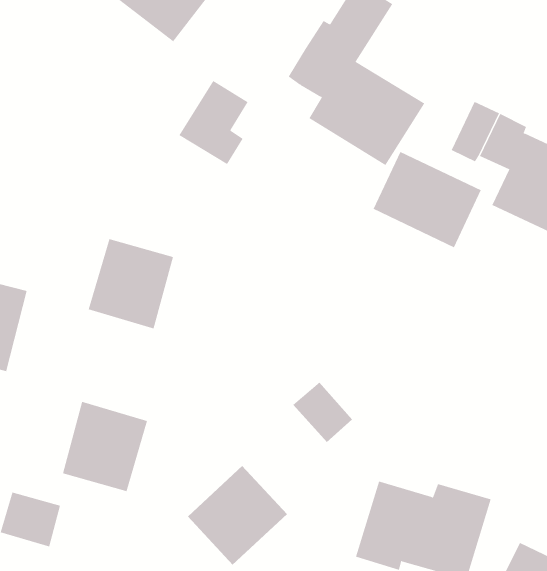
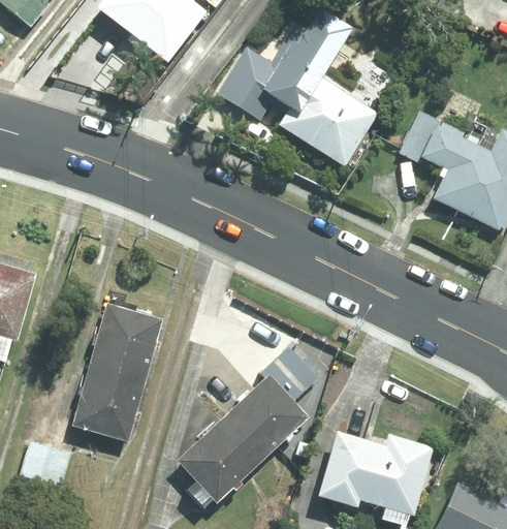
building: [178,80,248,165] -> [218,48,277,119]
building: [373,151,482,248] -> none
building: [88,238,174,329] -> [89,304,161,380]
building: none -> [224,375,309,459]

